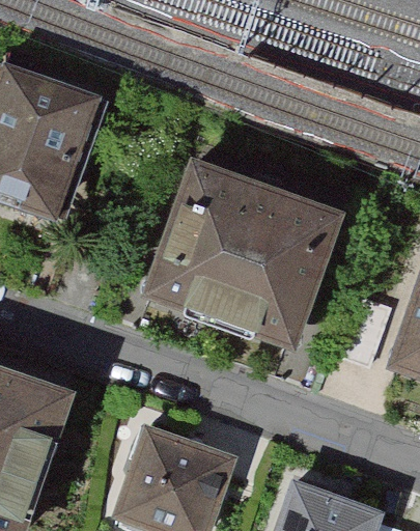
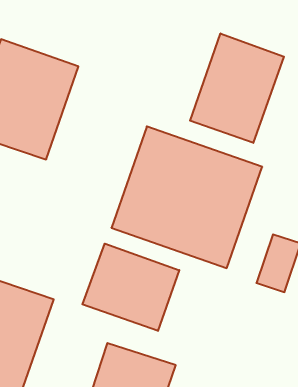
building: none -> [190,33,284,143]
building: none -> [82,244,179,331]

